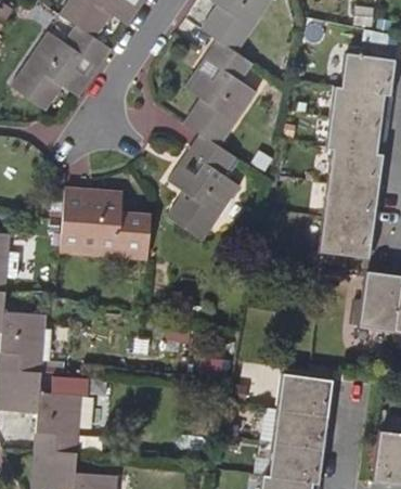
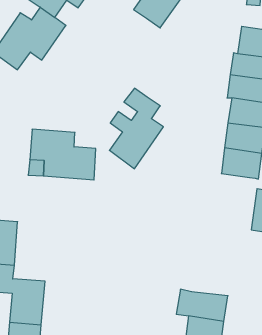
building: [184,40,257,146] -> none
building: [279,373,332,414] -> none

